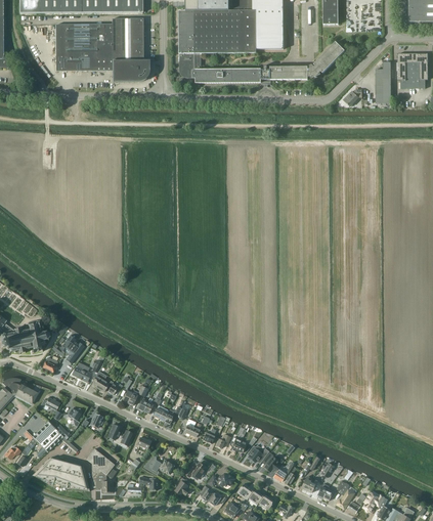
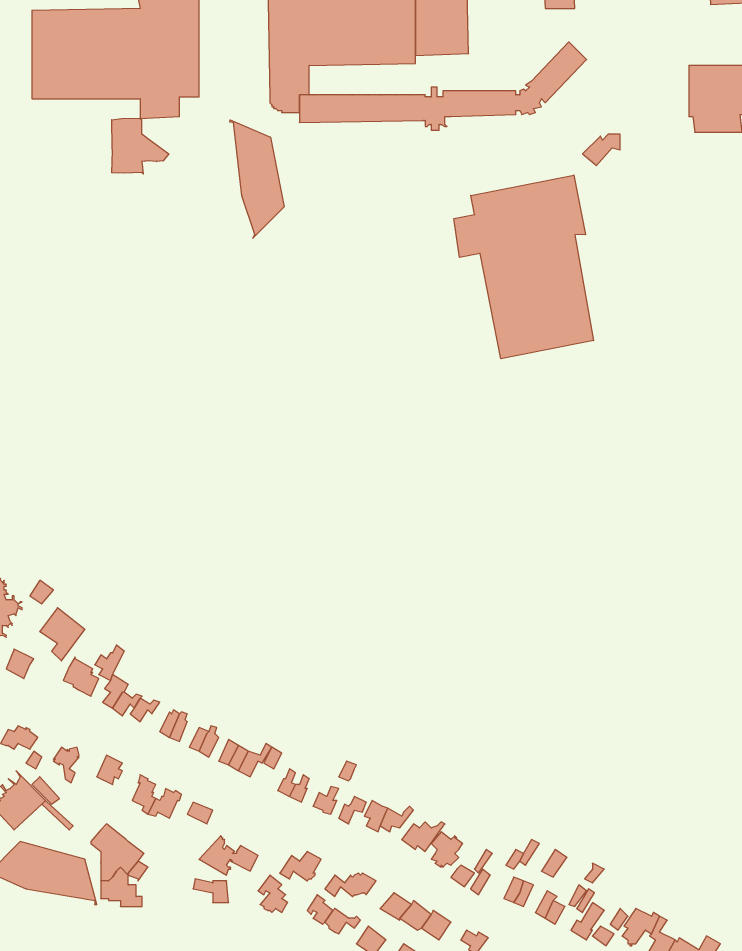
building: [376,61,391,102] -> none
building: none -> [112,118,169,174]
building: none -> [230,120,284,238]
building: none -> [454,175,594,359]

